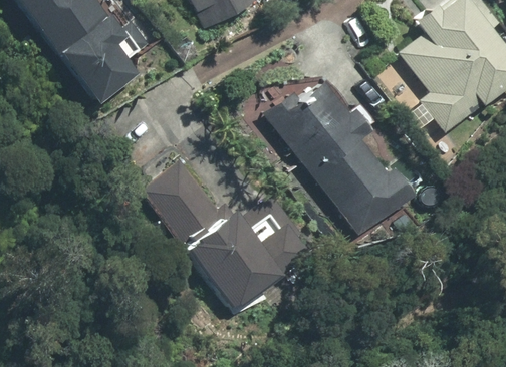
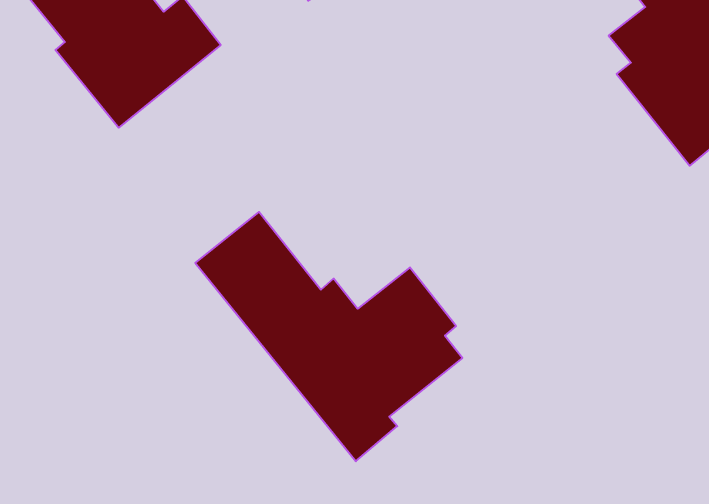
building: [261,73,414,236] -> none

